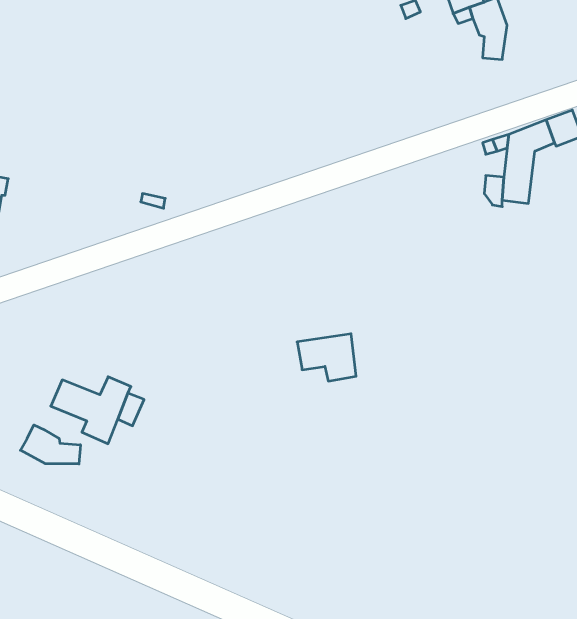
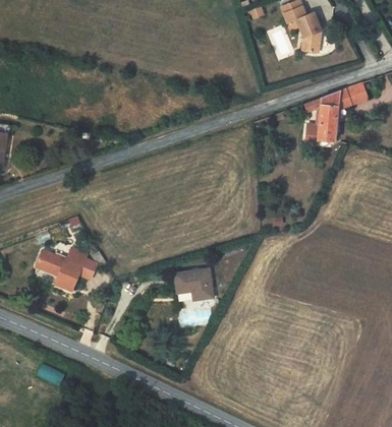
building: [297,334,356,381] -> [175,269,212,299]
building: [20,425,80,464] -> none

